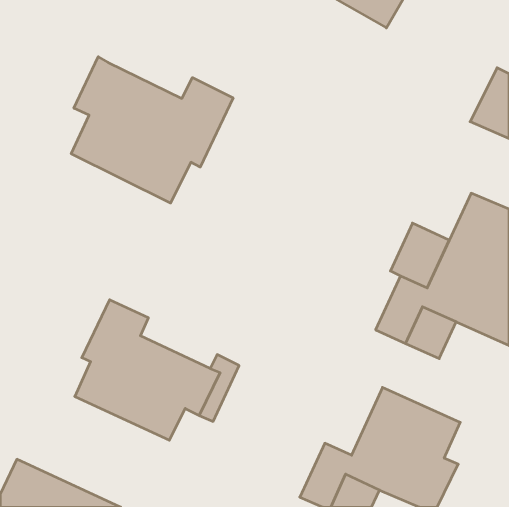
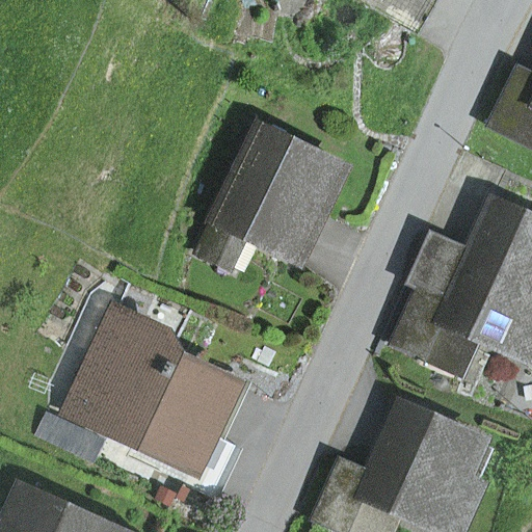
building: [71,57,233,203] -> none
building: none -> [197,126,343,266]

